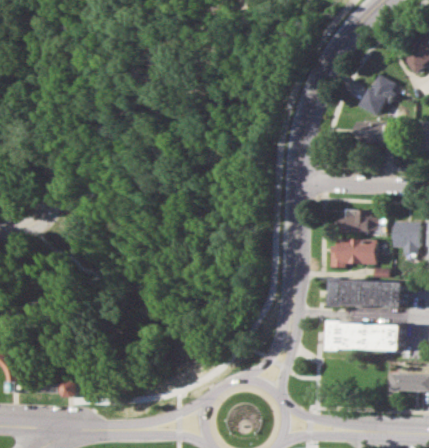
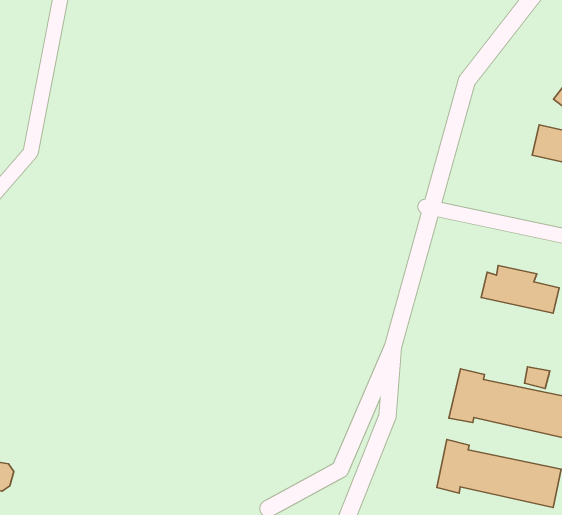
building: [328,238,374,268] -> none

